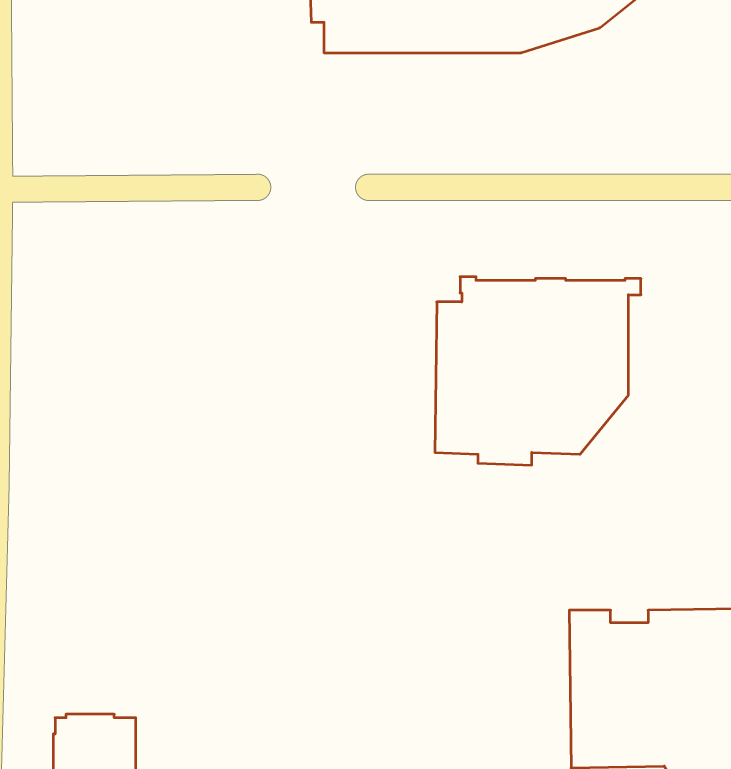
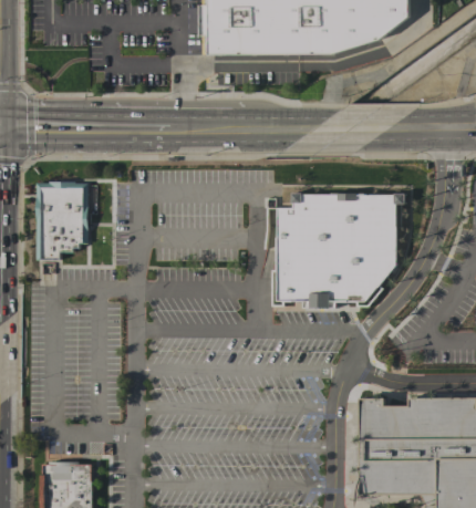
building: none -> [35,182,87,260]

